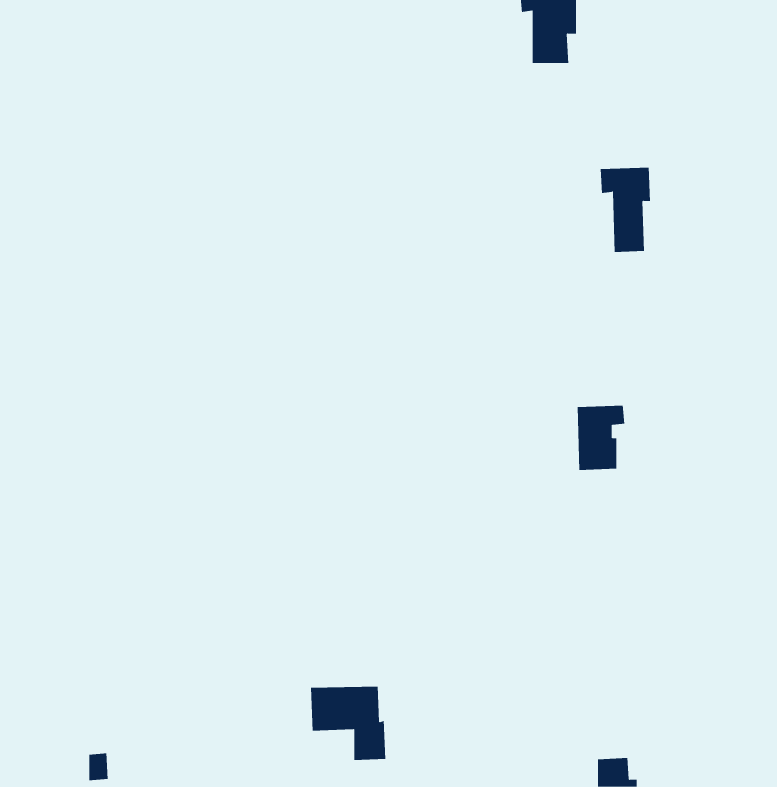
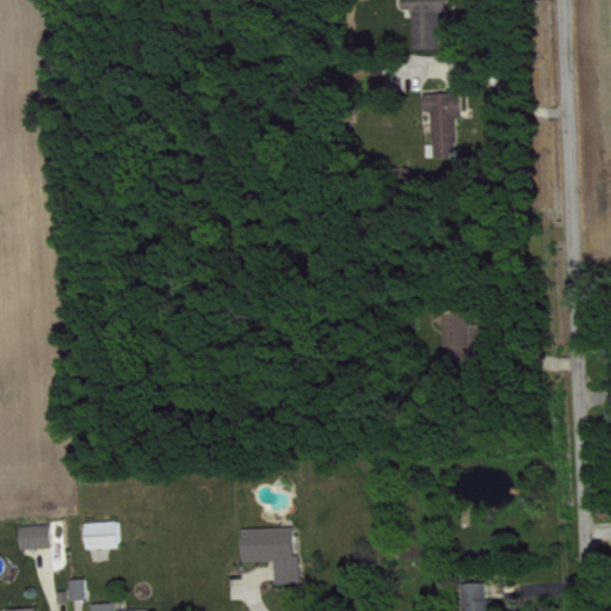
building: [600,167,651,253] -> [420,92,459,158]
building: none -> [82,521,117,549]
building: none -> [18,525,49,549]

